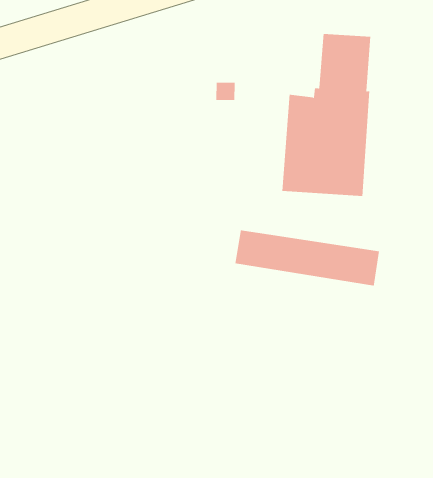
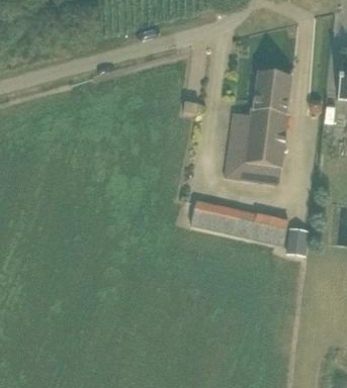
building: none -> [284,226,308,255]

